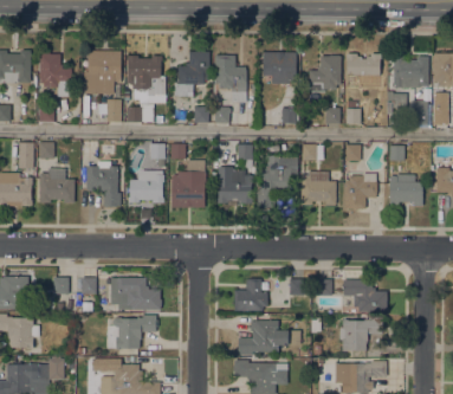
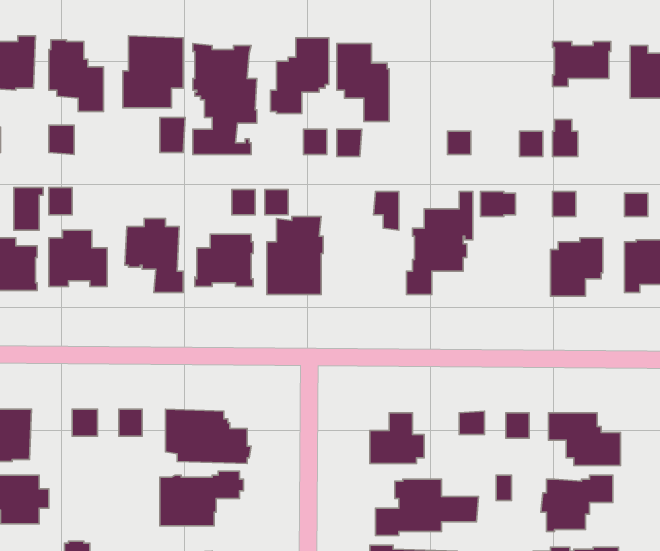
building: [263,52,296,84] -> none
building: [308,54,341,92] -> none
building: [216,167,252,204] -> none
building: [300,170,336,205] -> none

